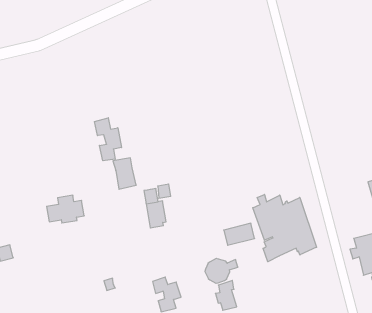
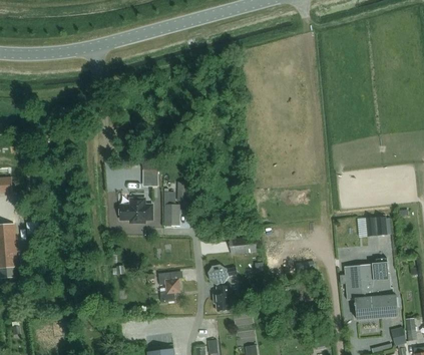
building: [94,118,121,161] -> none
building: [253,194,317,262] -> none
building: [47,195,84,223] -> [119,199,151,222]

